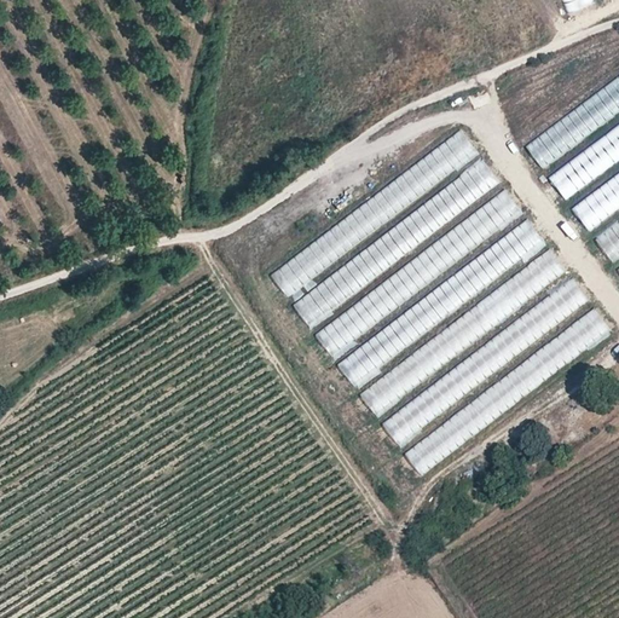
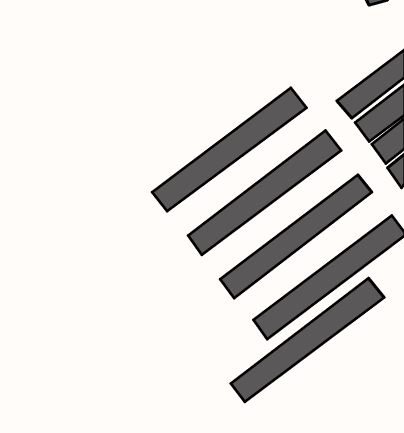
building: [291,156,504,329] -> none
building: [339,216,553,388] -> none
building: [381,277,594,449] -> [231,278,384,402]

